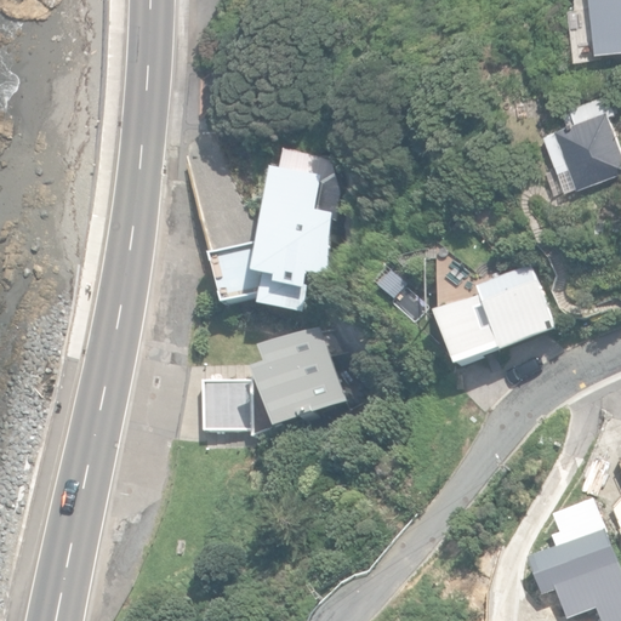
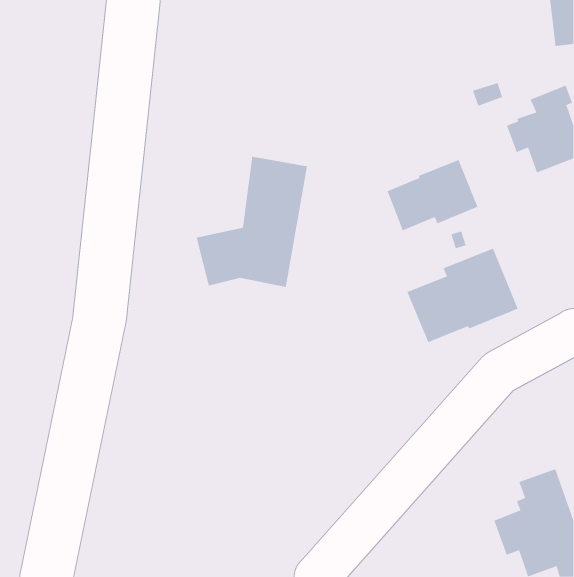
building: none -> [387,159,478,231]
building: [199,324,348,426] -> none

